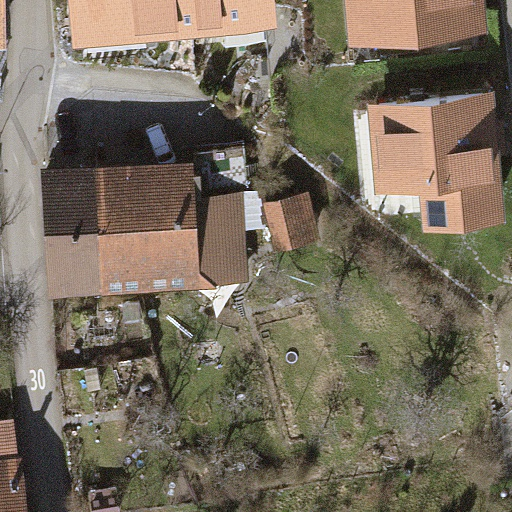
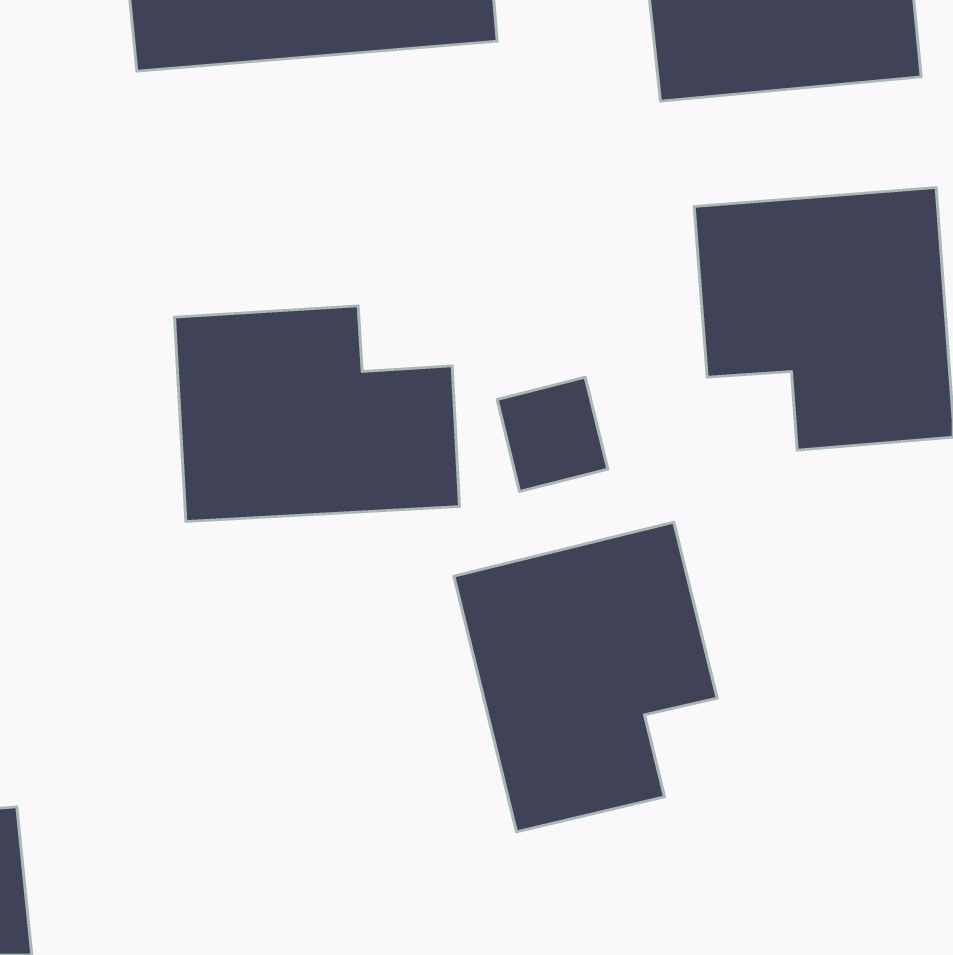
building: [40,169,99,281] -> none
building: none -> [454,522,717,832]

